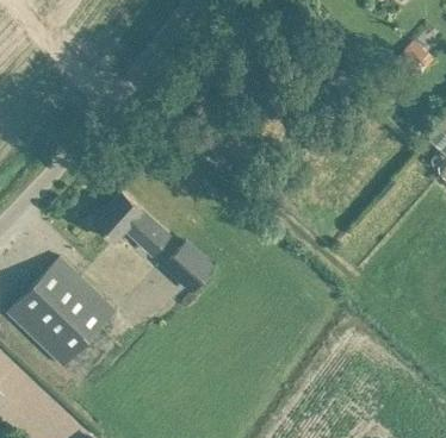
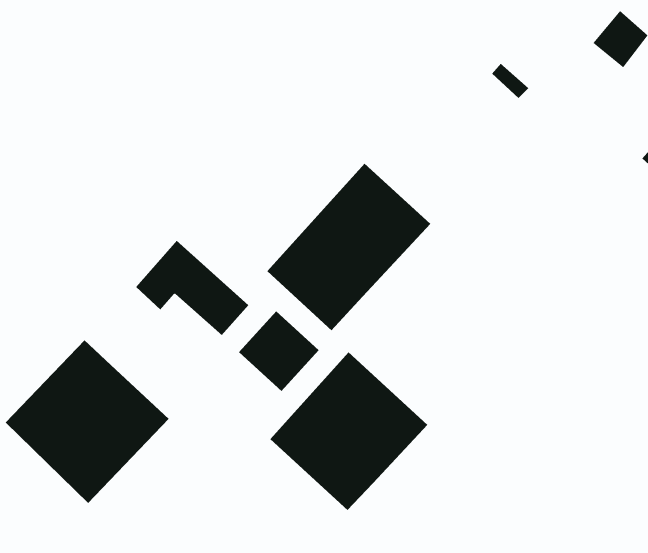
building: none -> [266,163,431,331]
building: none -> [269,352,428,511]

